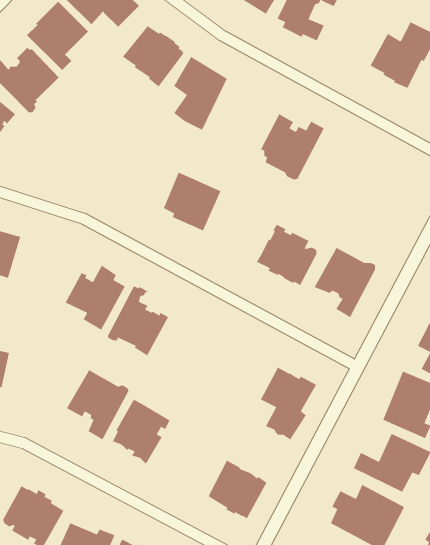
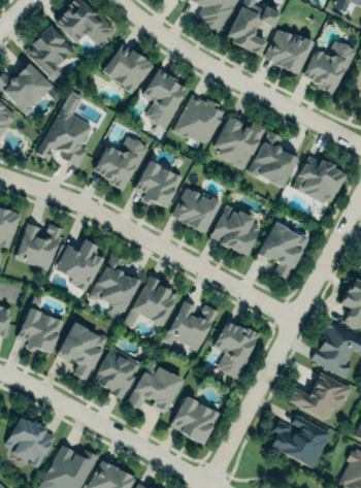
building: none -> [264,29,314,72]
building: none -> [34,90,92,169]
building: none -> [174,95,226,149]
building: none -> [249,131,297,188]
building: none -> [93,137,147,191]
building: none -> [292,155,347,206]
building: none -> [168,186,225,235]
building: none -> [17,225,63,270]
building: none -> [123,273,178,327]
building: none -> [163,300,218,350]
building: none -> [18,308,64,357]
building: none -> [128,360,184,413]

